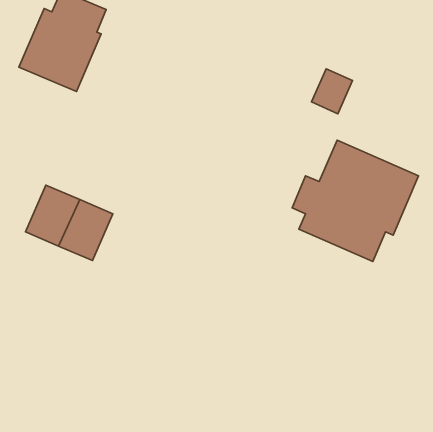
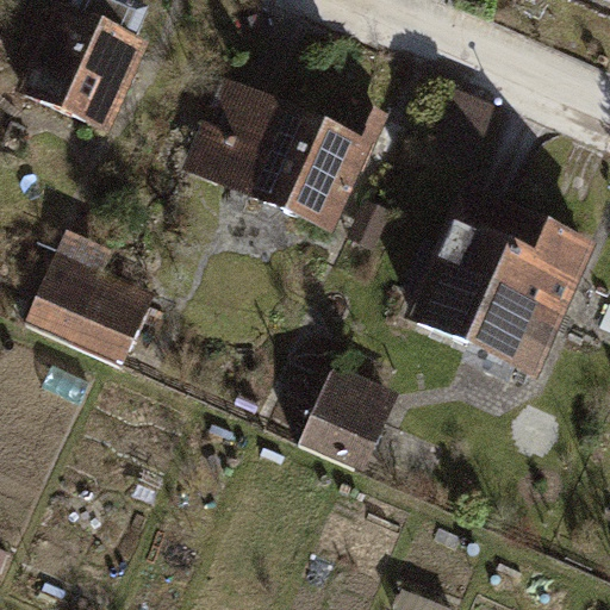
building: none -> [234,97,381,229]
building: none -> [301,369,392,469]

